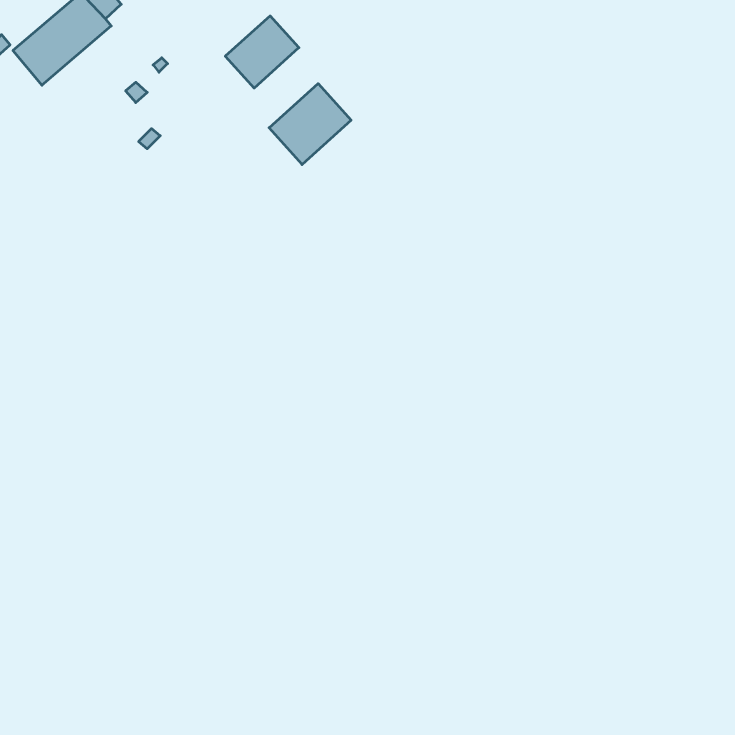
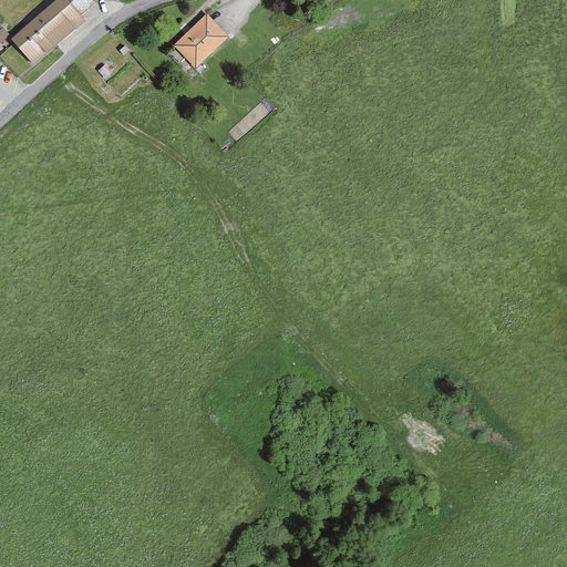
building: [269,84,351,165] -> none

